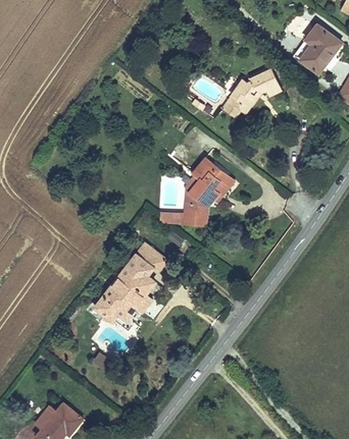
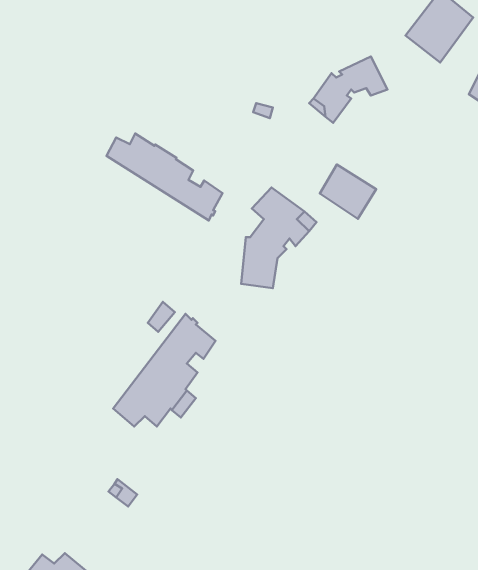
building: none -> [107,134,222,221]
building: none -> [320,165,376,219]

